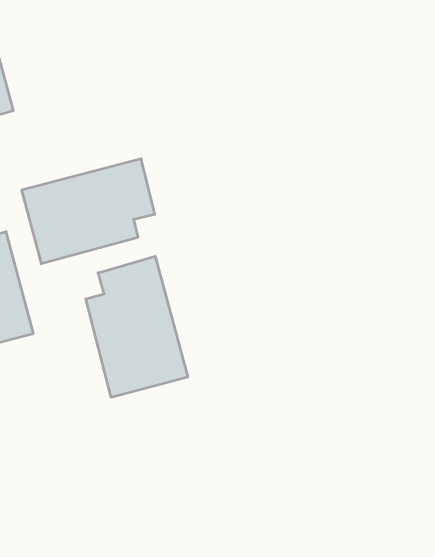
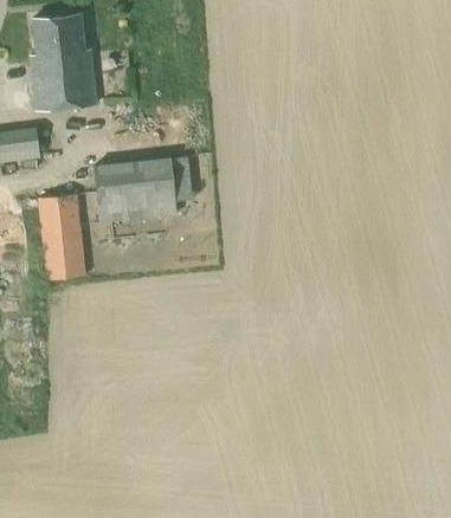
building: [86,256,188,397] -> none

